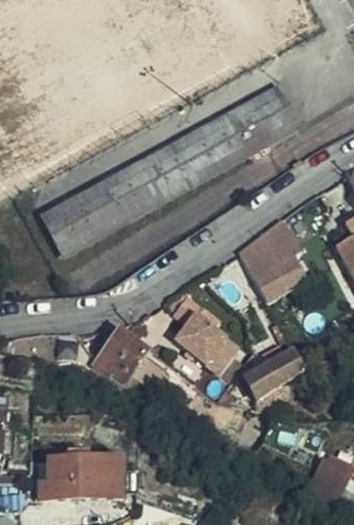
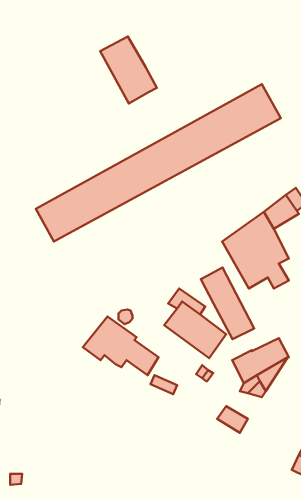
building: none -> [100,36,157,104]
building: none -> [201,267,254,339]
building: [39,461,119,497] -> none

